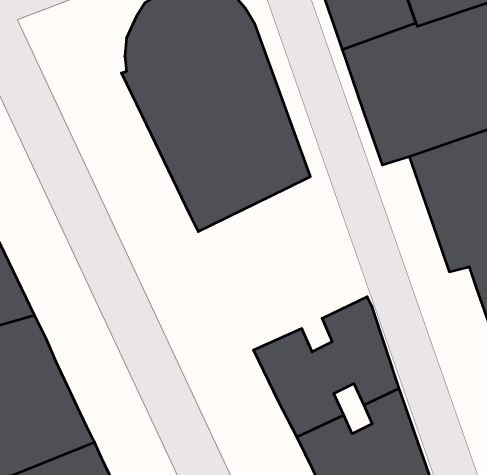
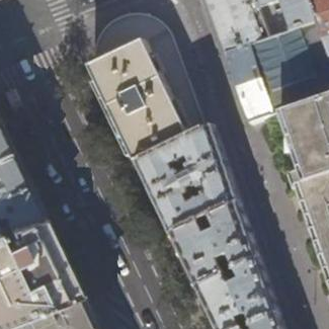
building: none -> [138,127,240,235]

